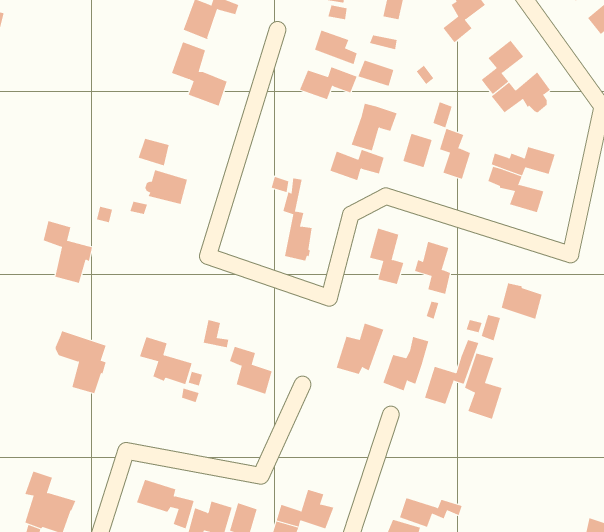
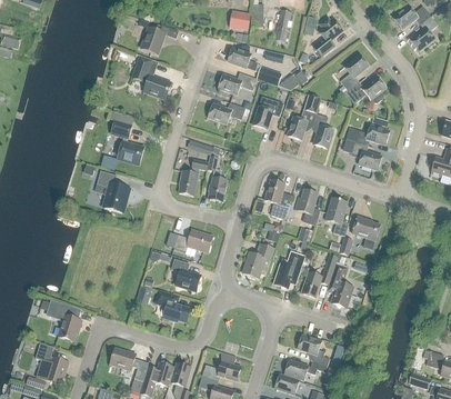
building: [330,149,385,181] -> [208,102,244,123]
building: none -> [178,160,207,196]
building: [43,220,93,284] -> [97,170,130,212]
building: none -> [324,198,348,236]
building: none -> [173,229,212,252]
building: [55,330,107,394] -> [47,299,81,341]
building: [139,337,193,385] -> [154,290,190,322]
building: none -> [298,335,330,366]

